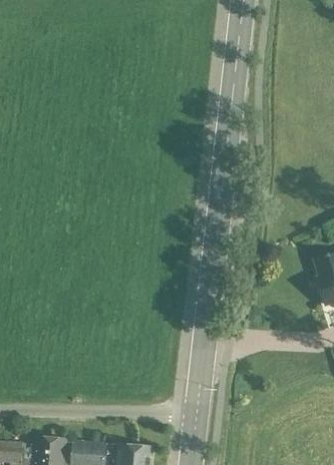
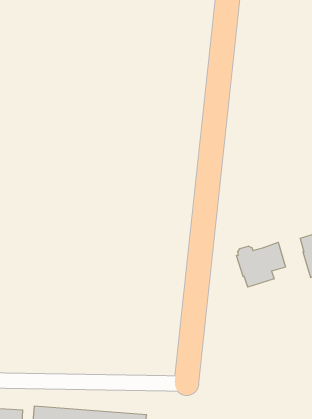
building: none -> [236,242,285,287]

